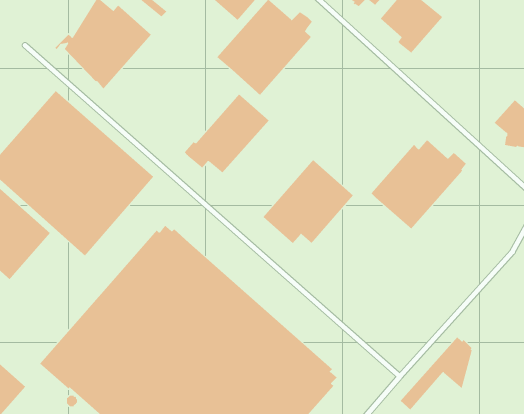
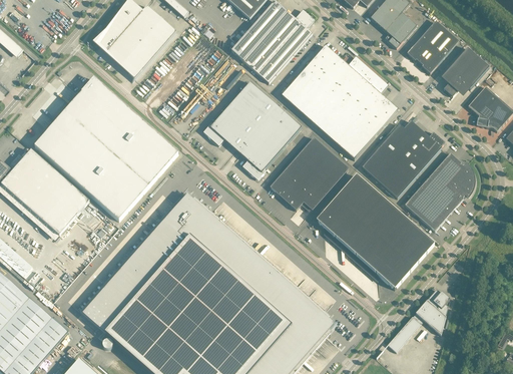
building: none -> [406,21,456,72]
building: none -> [281,44,398,158]
building: none -> [441,46,488,95]
building: none -> [235,103,301,178]
building: none -> [404,151,473,230]
building: none -> [316,173,434,288]

